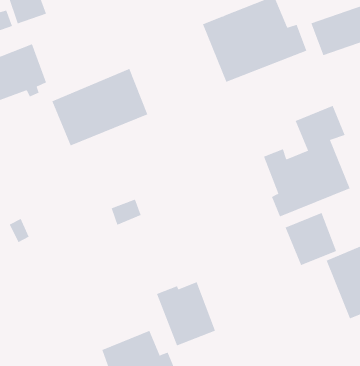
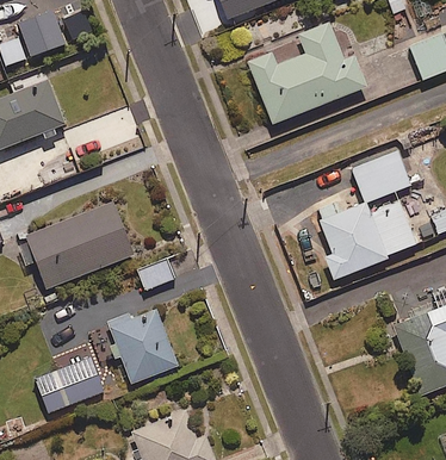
building: [51,68,148,146] -> [23,200,135,291]
building: [285,212,337,266] -> none
building: [156,281,216,346] -> [107,309,176,384]
building: none -> [35,358,101,412]

